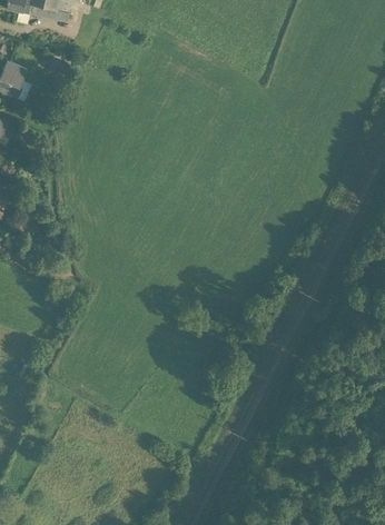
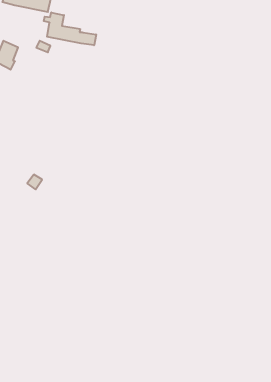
building: none -> [44,12,96,45]

